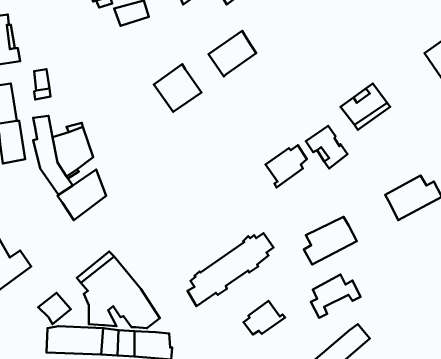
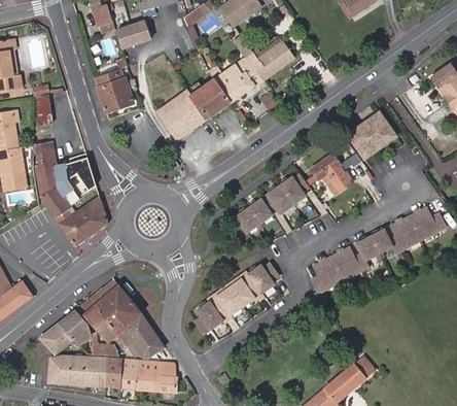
building: none -> [247,40,292,78]
building: none -> [96,70,133,111]
building: none -> [189,79,228,119]
building: none -> [236,192,283,235]
building: [311,274,361,318] -> [355,226,406,270]
building: none -> [59,309,92,347]
building: [243,301,285,334] -> none

